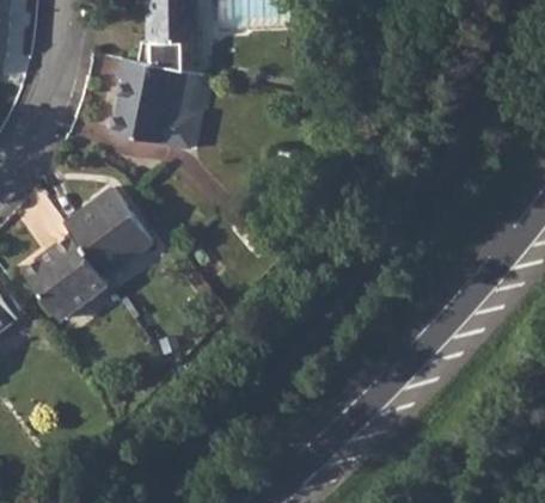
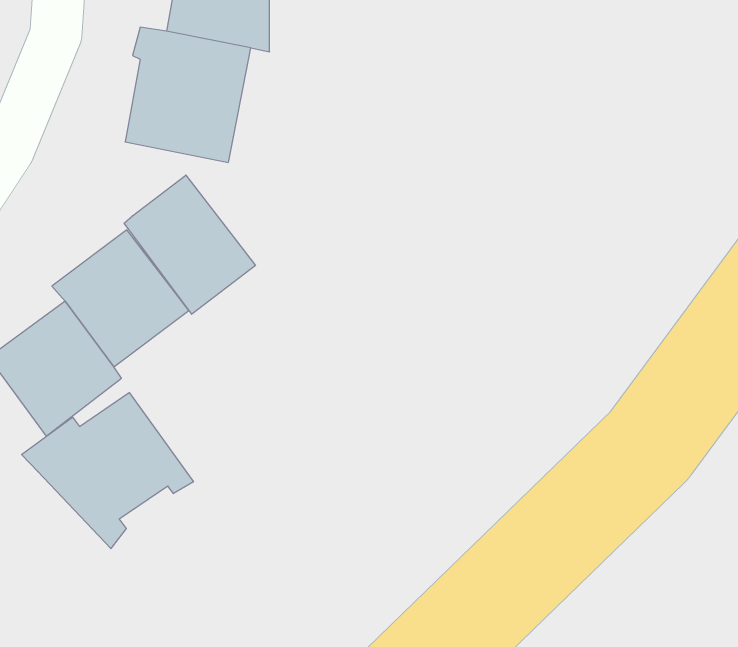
building: none -> [124,175,255,314]
building: none -> [22,393,193,549]

